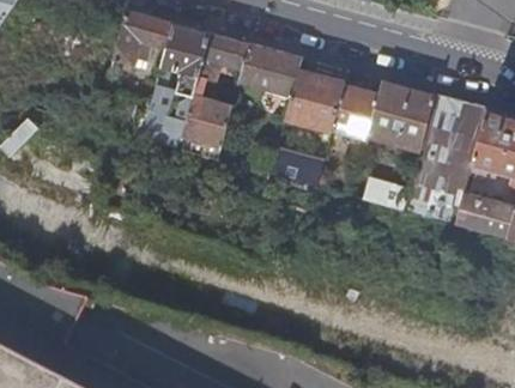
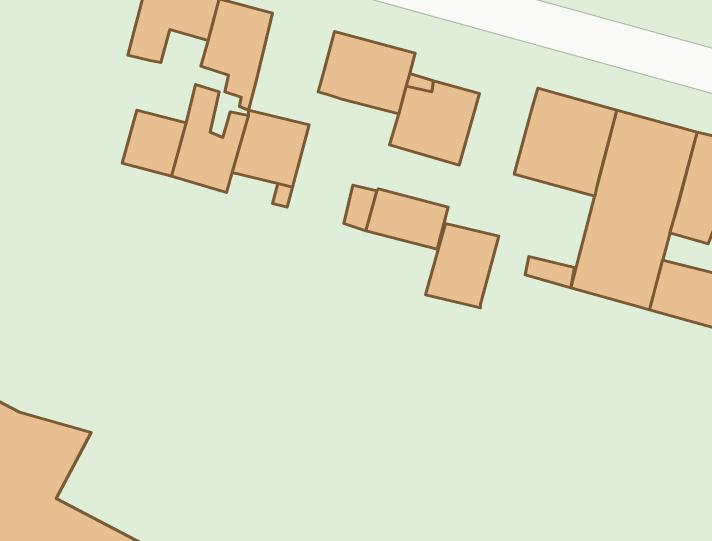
building: [199,32,250,81] -> none
building: [332,85,380,140] -> [426,223,499,308]

